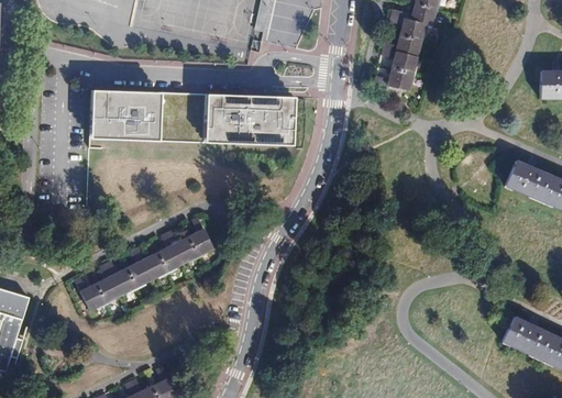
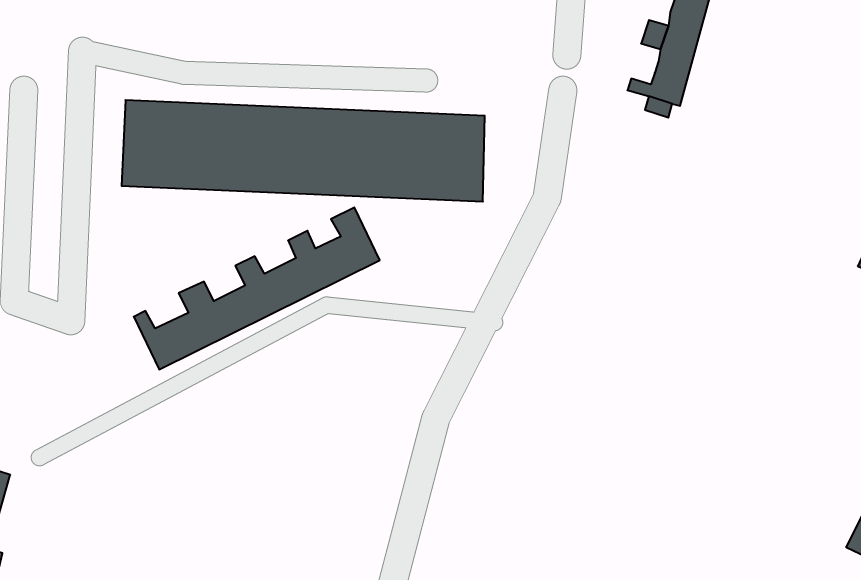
building: [75,215,213,307] -> [134,207,380,369]

